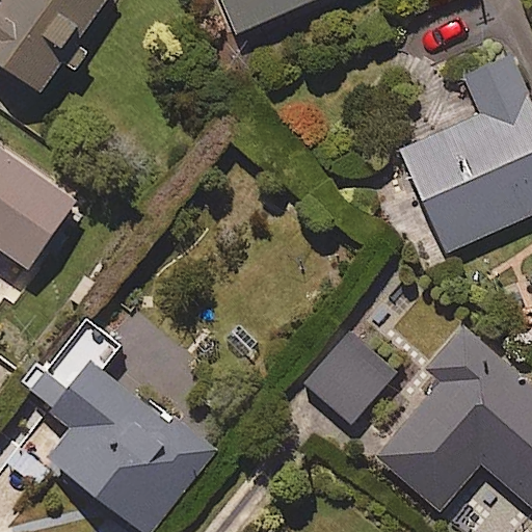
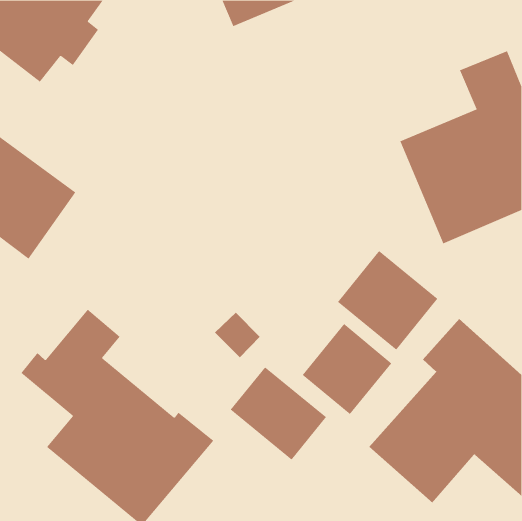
building: none -> [337,250,438,350]
building: none -> [230,366,327,461]

